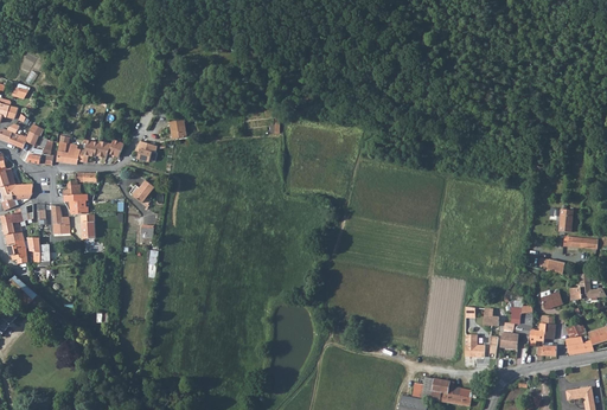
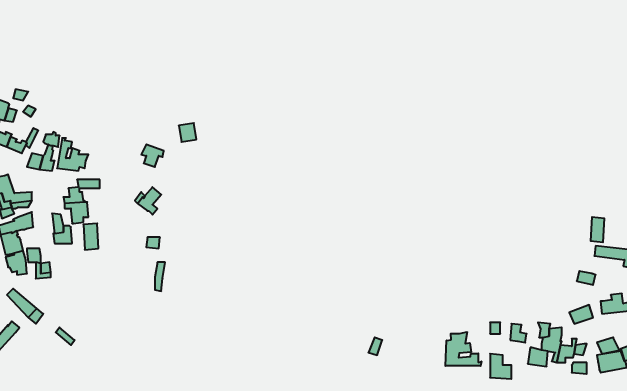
building: [83,139,126,156] -> none
building: none -> [445,332,481,366]

